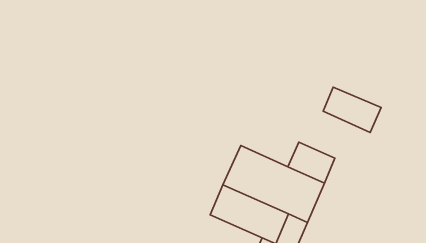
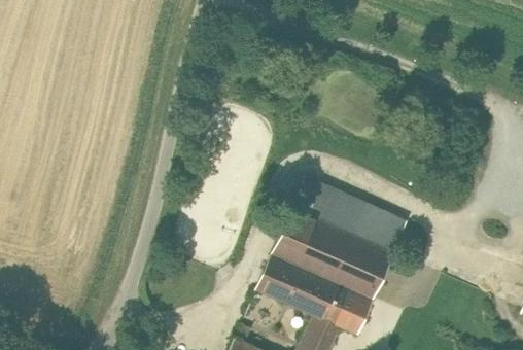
building: [323,87,381,132] -> [293,176,363,231]

